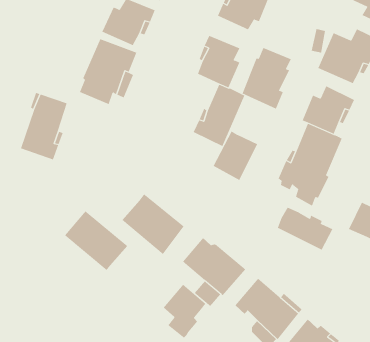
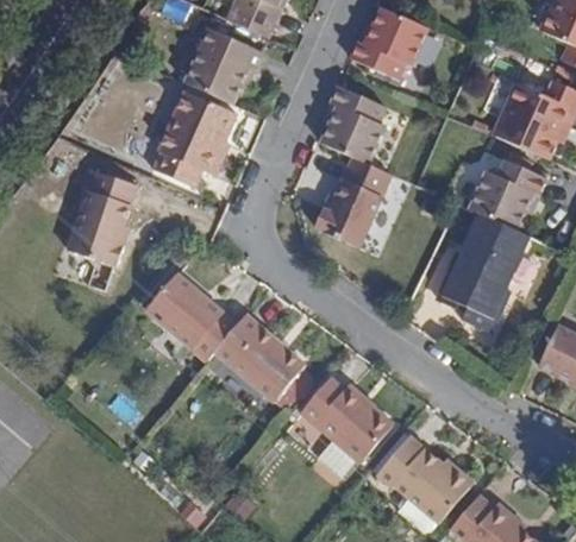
building: [242,47,291,110] -> none
building: [213,131,258,181] -> none
building: [277,207,333,251] -> none
building: [64,210,128,271] -> [146,272,238,359]
building: [163,284,206,338] -> none

